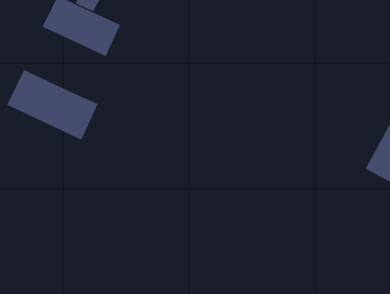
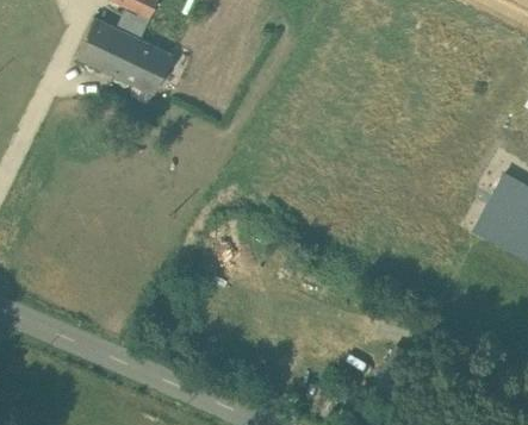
building: [6,69,98,140] -> none

